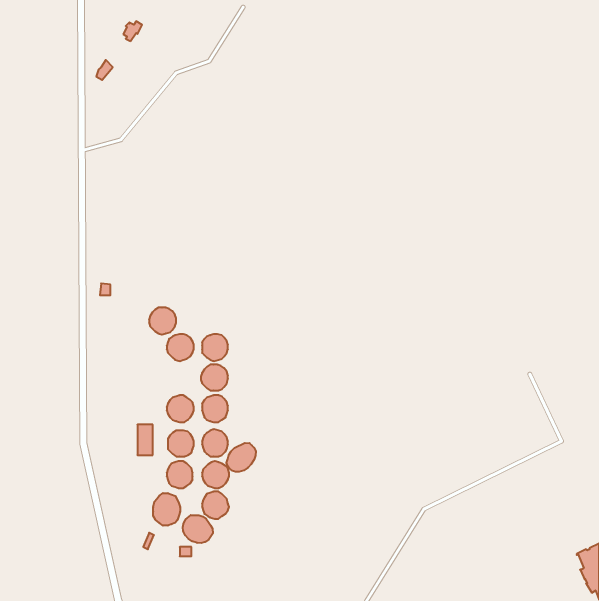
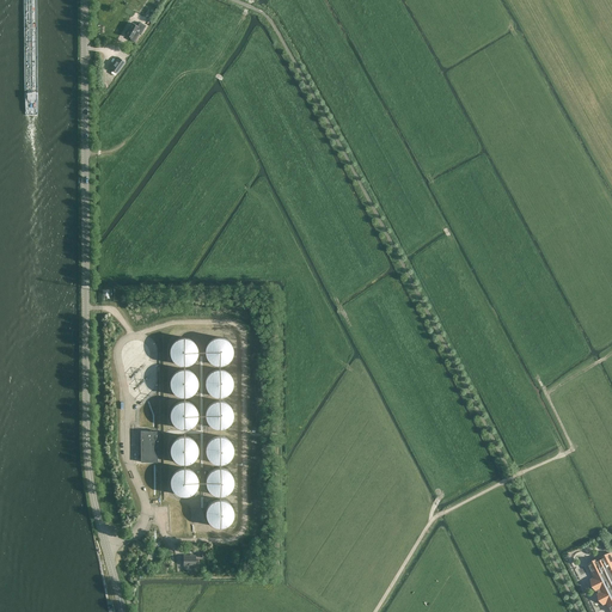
building: [149,308,176,335] -> [170,371,197,398]
building: [226,443,256,472] -> none
building: [153,493,180,526] -> none
building: [183,515,213,543] -> none

